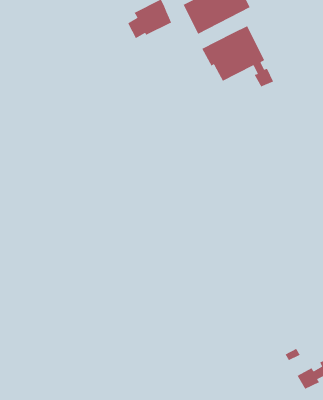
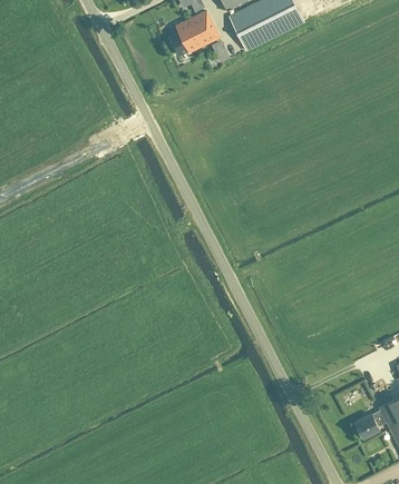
building: [201,25,274,88] -> none

